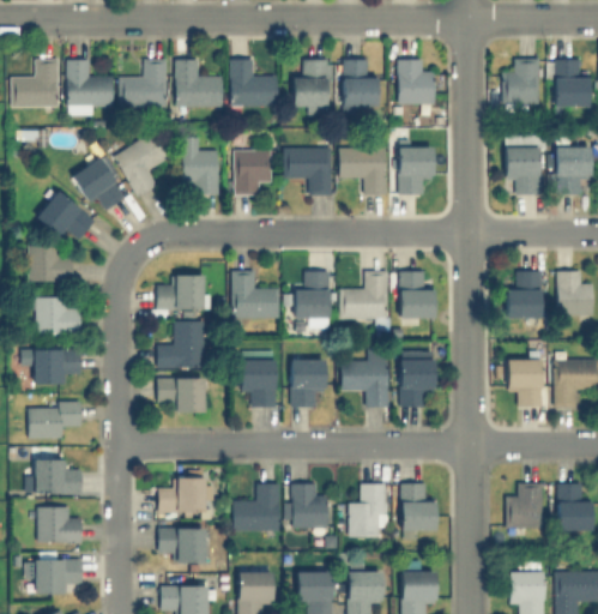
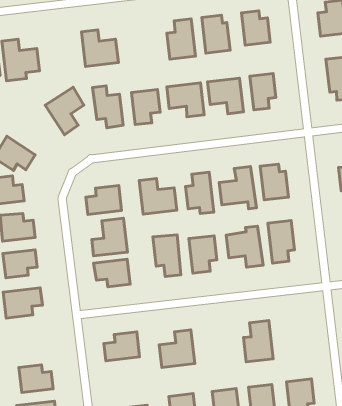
building: [122,60,168,108] -> none
building: [232,60,278,108] -> none
building: [73,158,125,210] -> none
building: [28,460,81,494] -> none
building: [291,484,328,529] -> none
building: [401,484,434,532] -> none
building: [157,529,204,562] -> none

